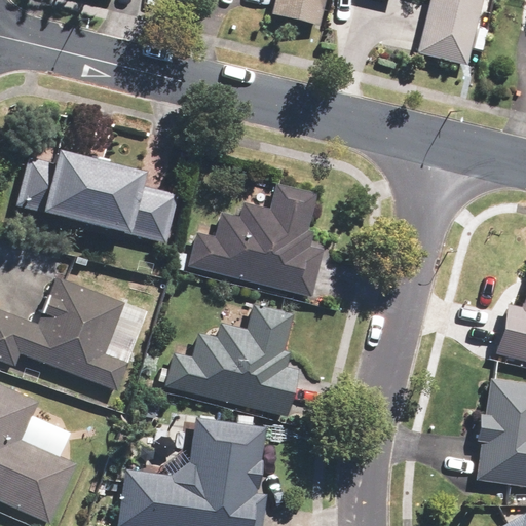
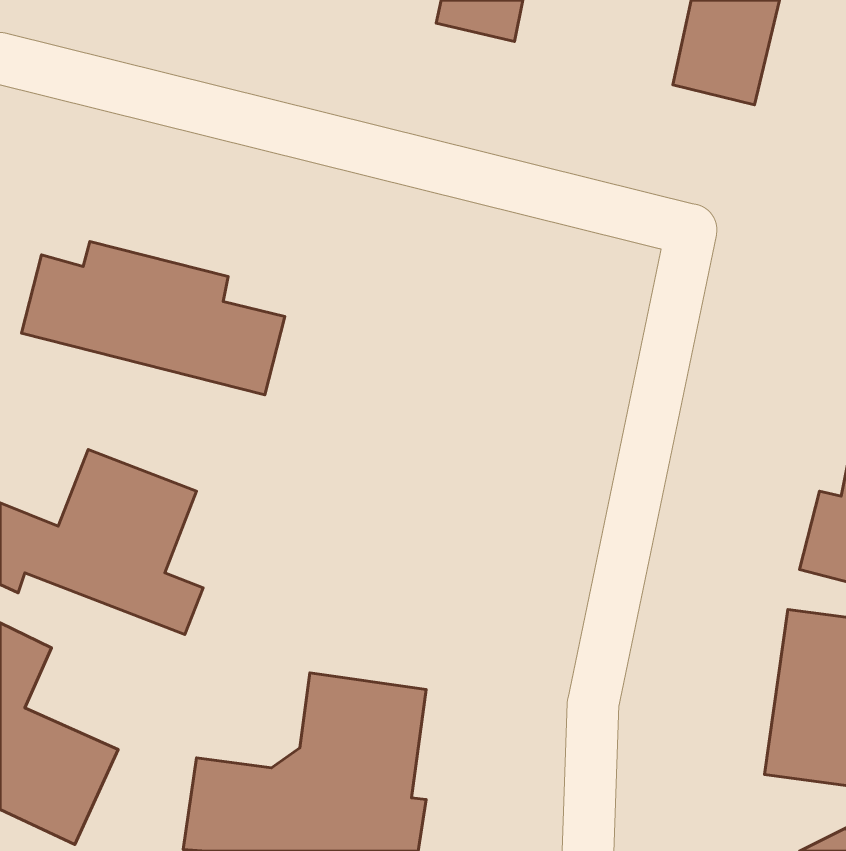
building: [190,185,323,297] -> none
building: [163,303,298,414] -> none

